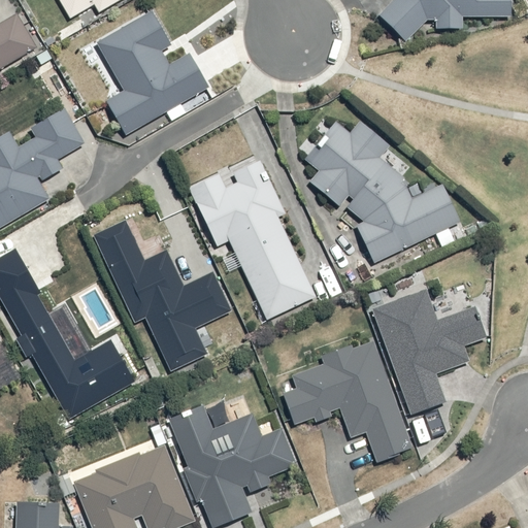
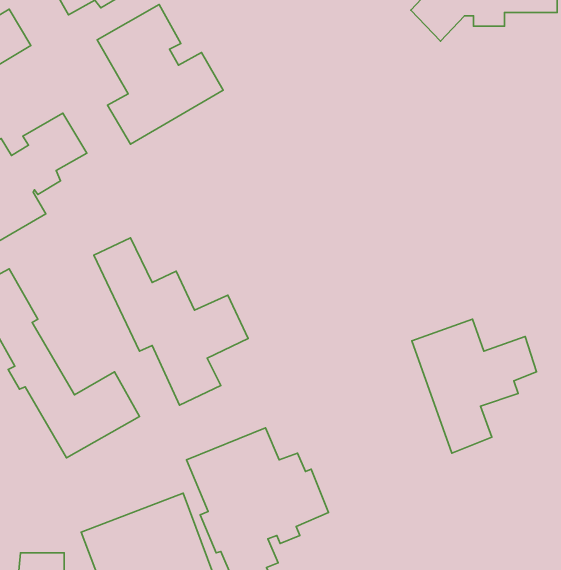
building: [302,121,458,262] -> none
building: [189,159,315,320] -> none
building: [289,341,414,460] -> none

